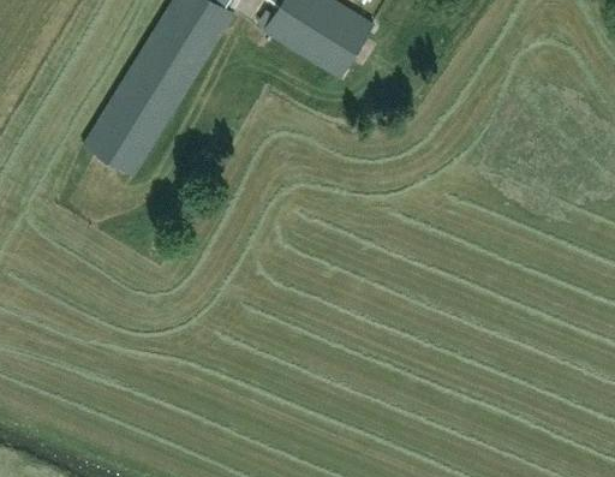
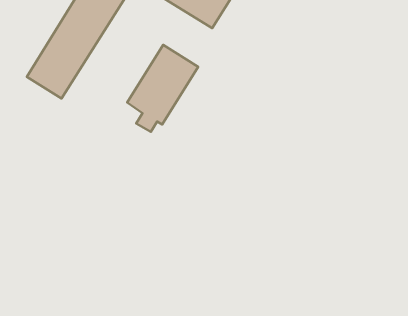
building: none -> [127,45,198,132]

